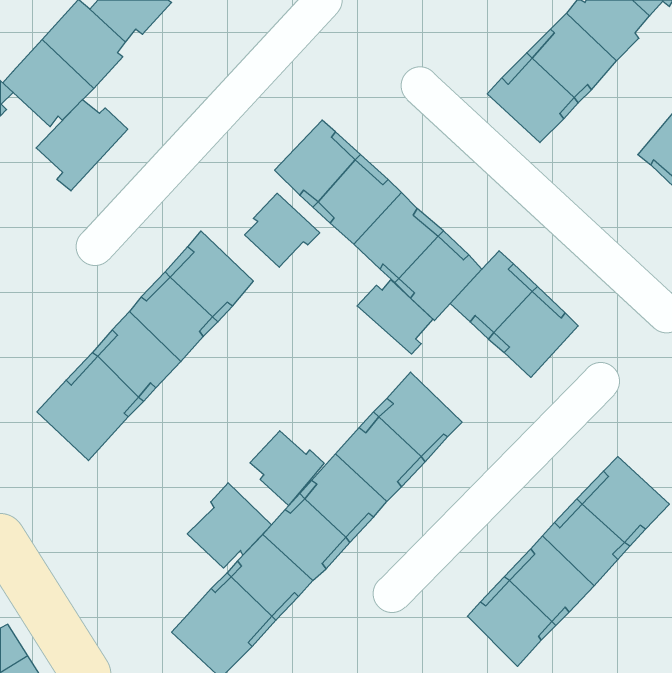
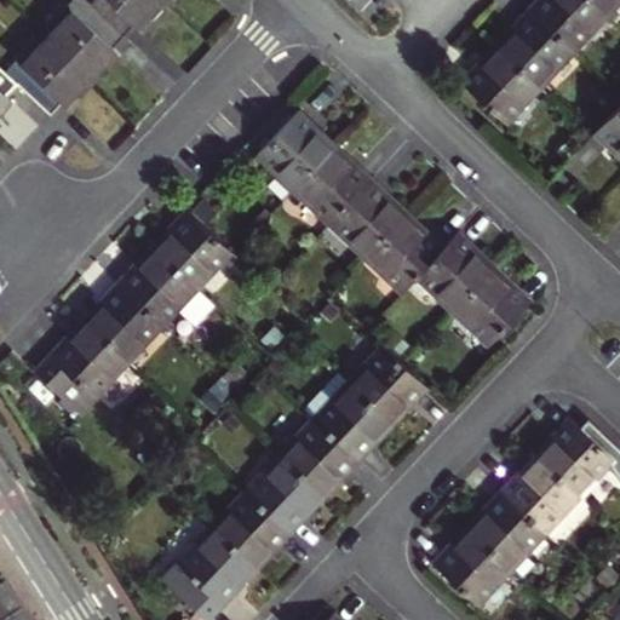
building: [36,99,128,191] -> none
building: [245,193,320,267] -> none
building: [357,280,433,354] -> none
building: [250,431,324,506] -> none
building: [187,483,271,568] -> none

